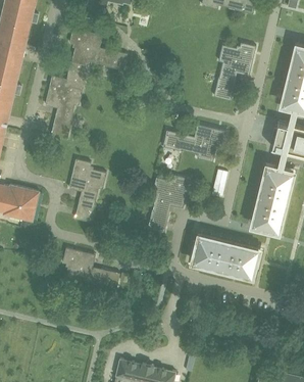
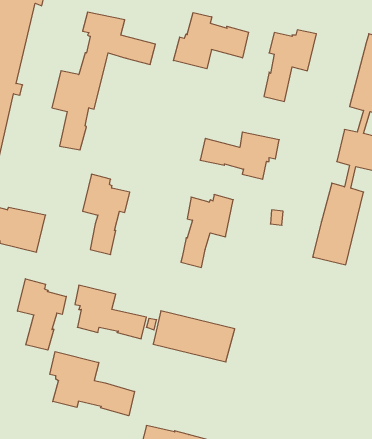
building: none -> [173,13,248,69]
building: [193,235,258,276] -> [153,311,235,362]
building: none -> [18,279,66,350]
building: none -> [50,352,135,416]

